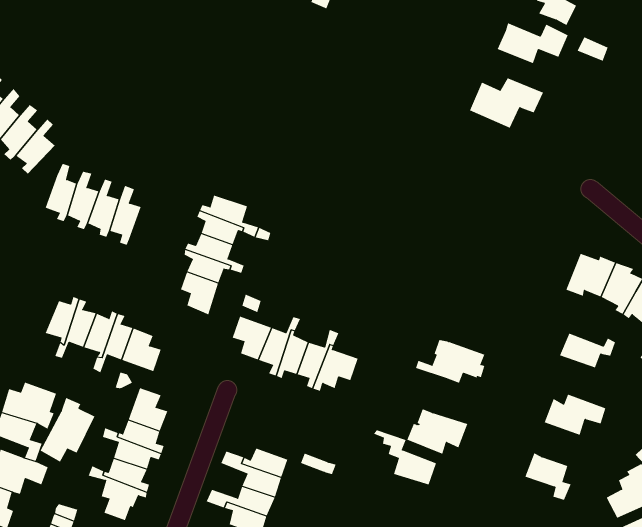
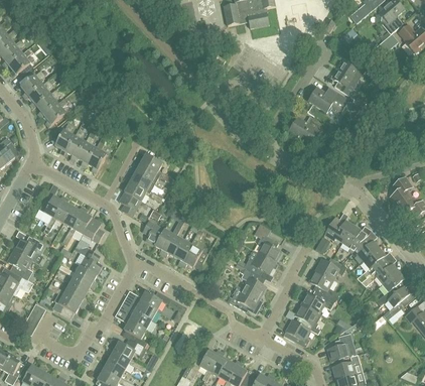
building: none -> [257,233,281,262]
building: none -> [308,269,339,301]
building: [40,397,95,462] -> none
building: none -> [294,303,319,334]
building: [373,430,437,485] -> [235,263,266,297]

